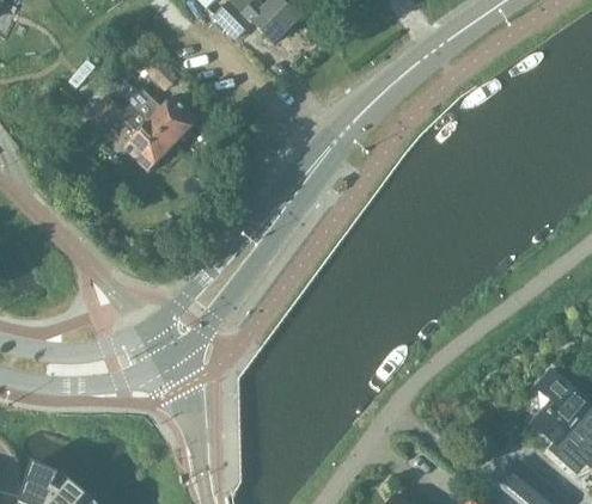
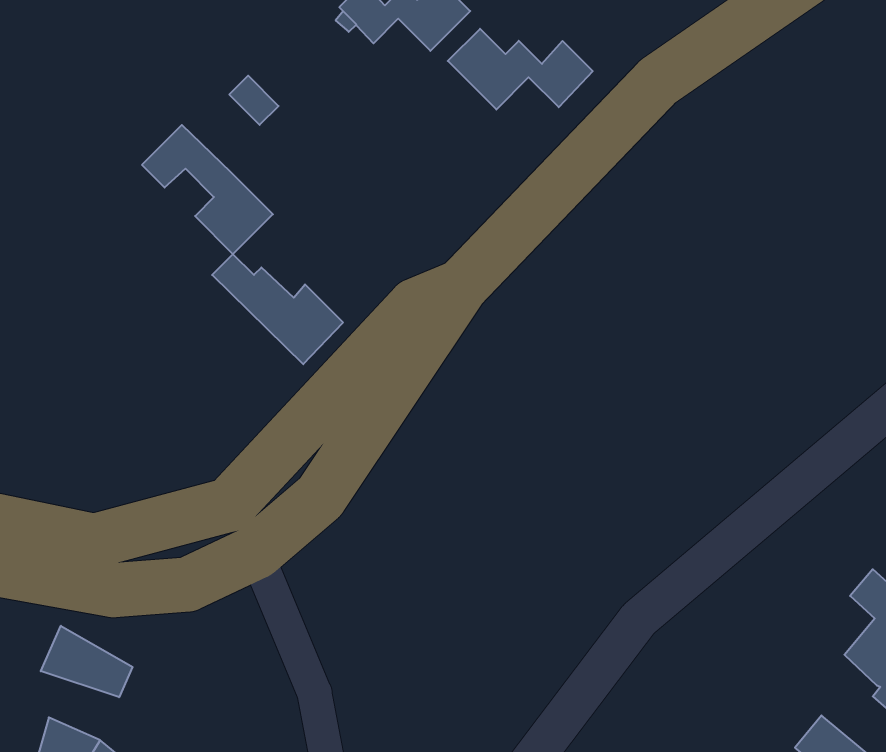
building: none -> [448,29,593,110]
building: [116,76,199,146] -> [212,254,343,364]
building: none -> [41,626,133,697]

